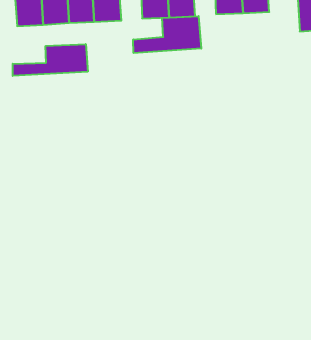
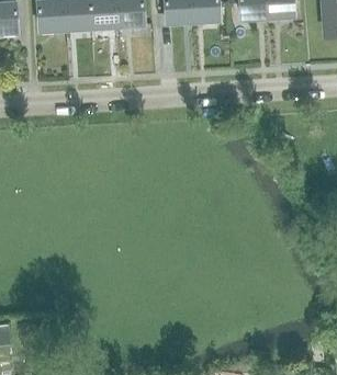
building: [133,16,201,53] -> none
building: [13,44,88,76] -> none

